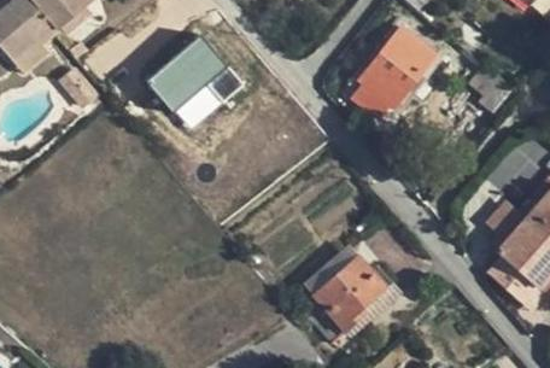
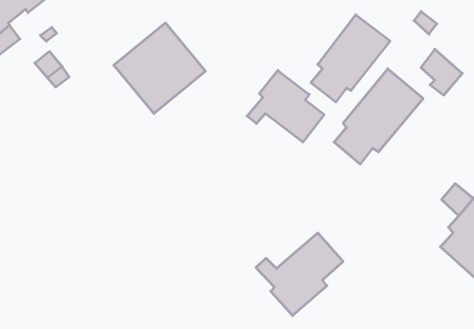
building: none -> [334,69,423,164]
building: none -> [247,70,324,142]

